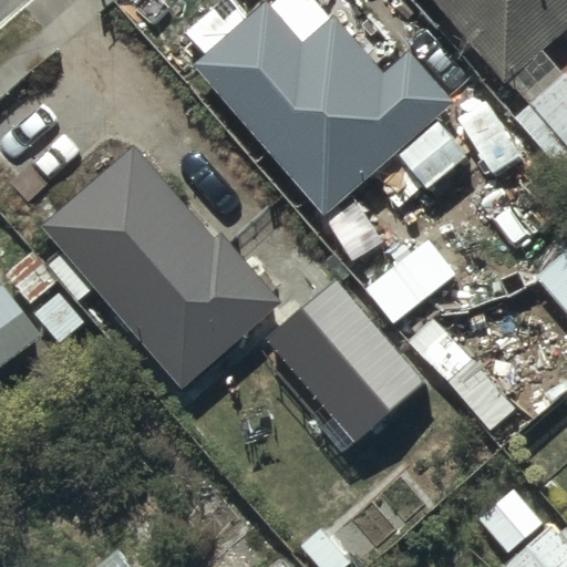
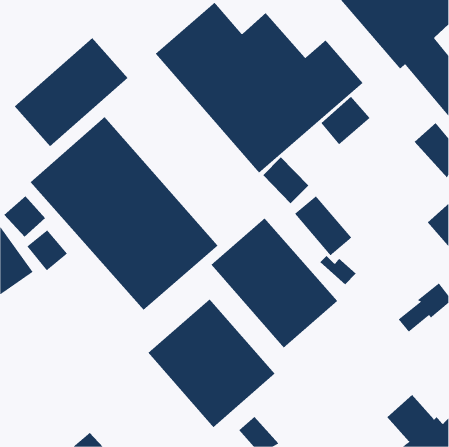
building: none -> [14,37,129,147]
building: none -> [147,298,275,428]

